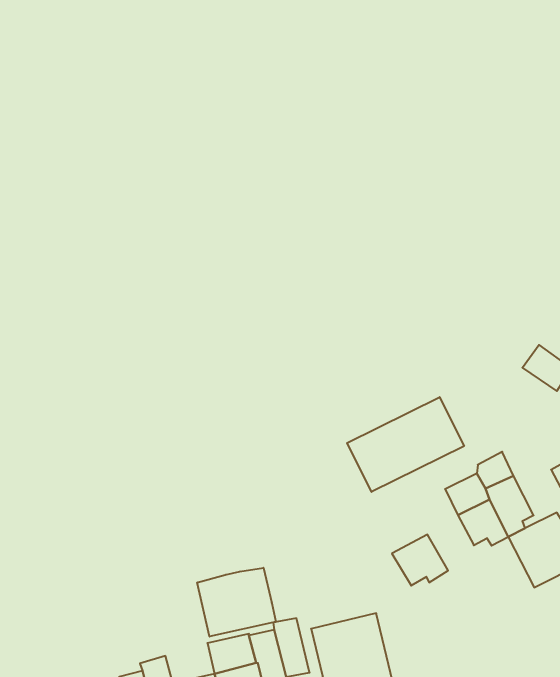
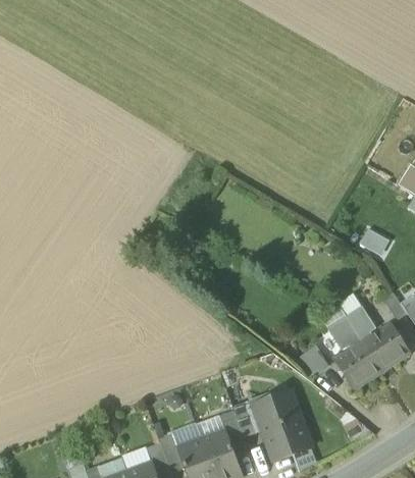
building: [347,397,464,492] -> none
building: none -> [335,342,381,388]
building: [197,568,276,637] -> none

